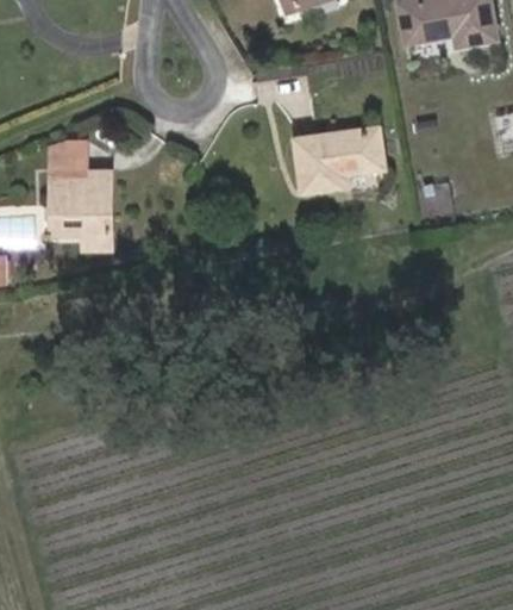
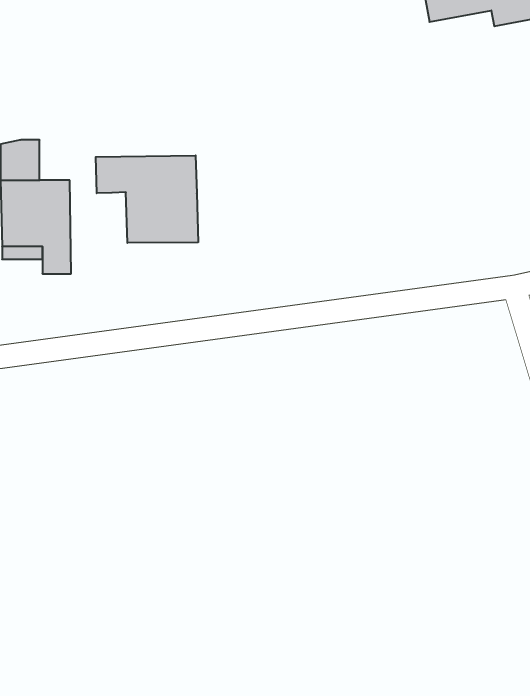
building: [296,127,383,189] -> none
building: none -> [96,155,198,243]

